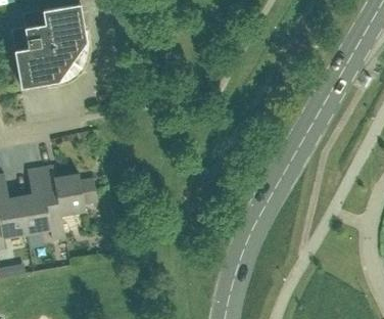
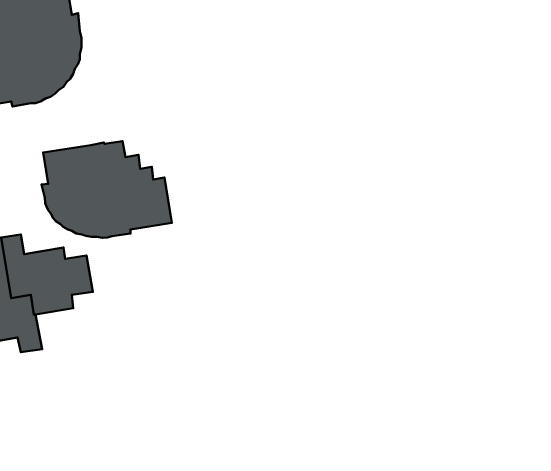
building: none -> [42,141,172,238]

